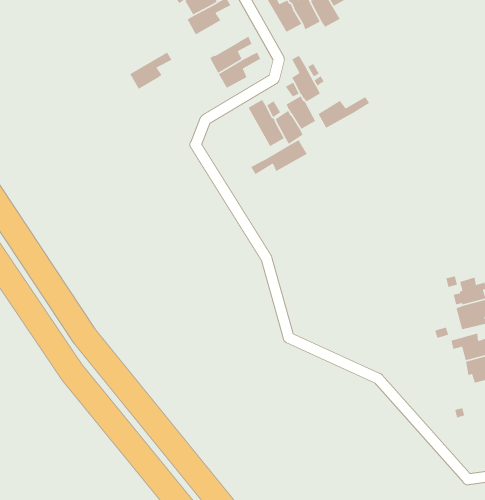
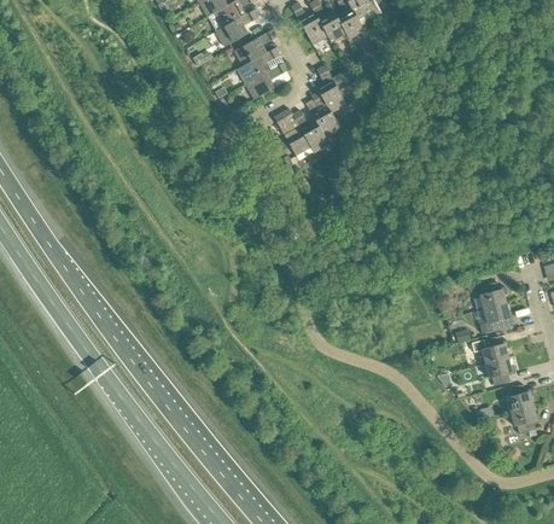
building: [129,52,173,90] -> [234,29,276,66]
building: [317,96,370,129] -> none
building: [250,139,308,175] -> none

